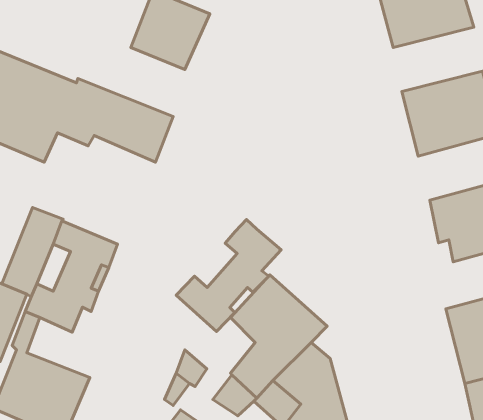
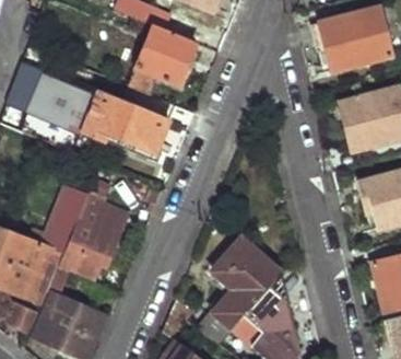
building: [176,220,281,331] -> none

